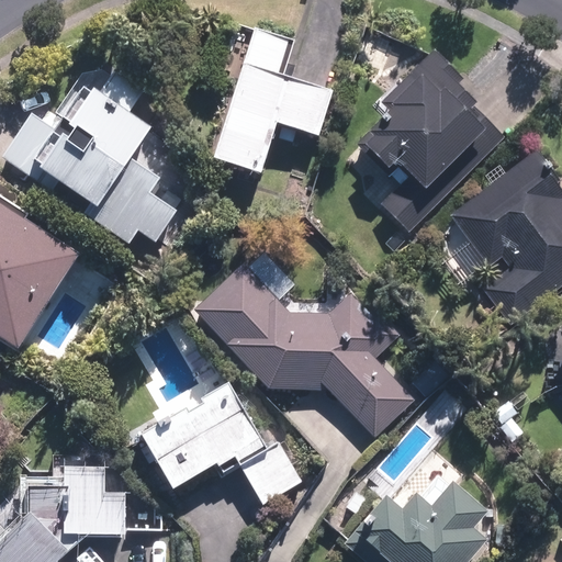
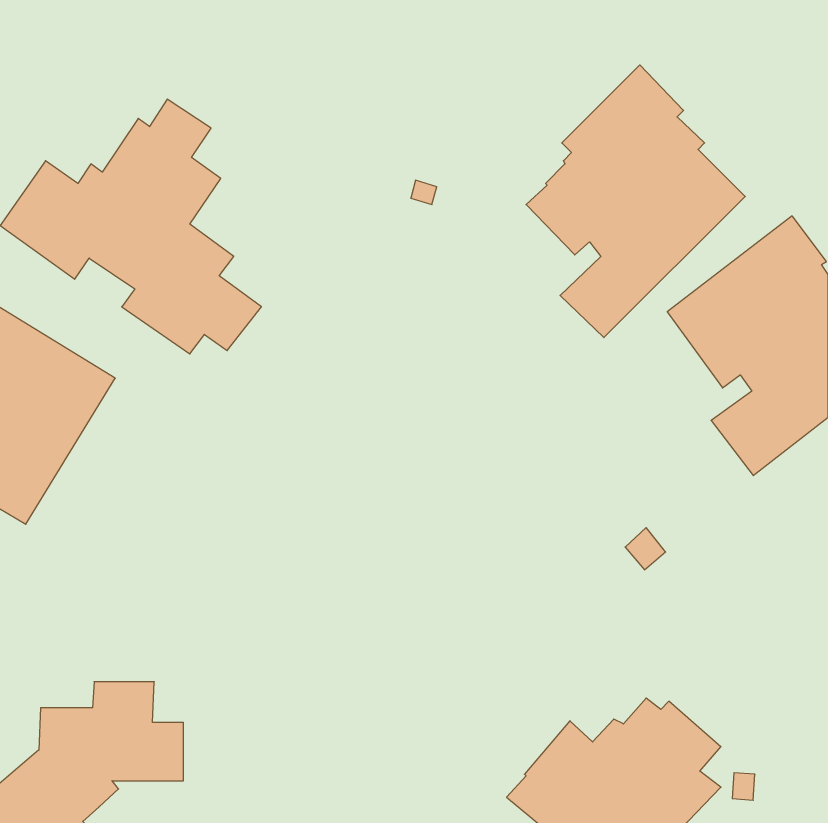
building: [213,25,333,171] -> none
building: [193,263,414,439] -> none
building: [139,379,301,506] -> none

